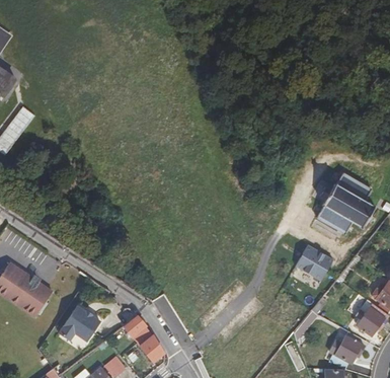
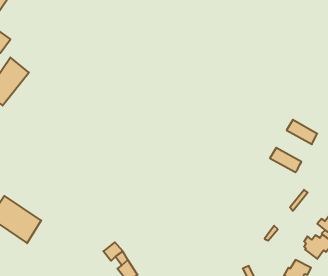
building: [322,184,374,228] -> none
building: [297,245,334,280] -> none
building: [59,304,99,338] -> none

